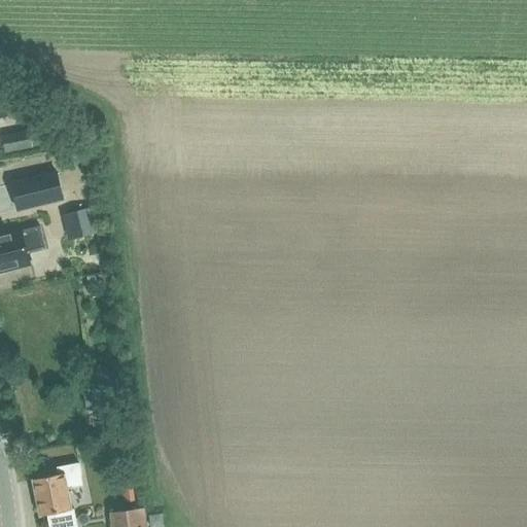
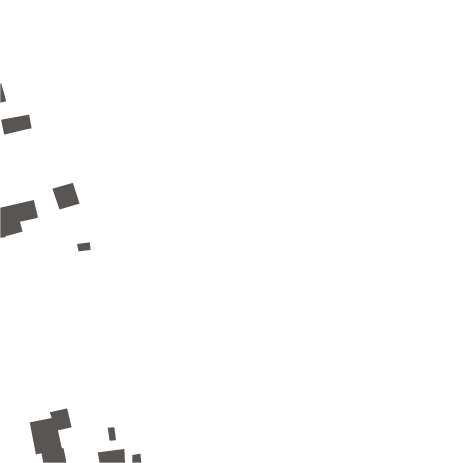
building: [10,172,63,210] -> none

